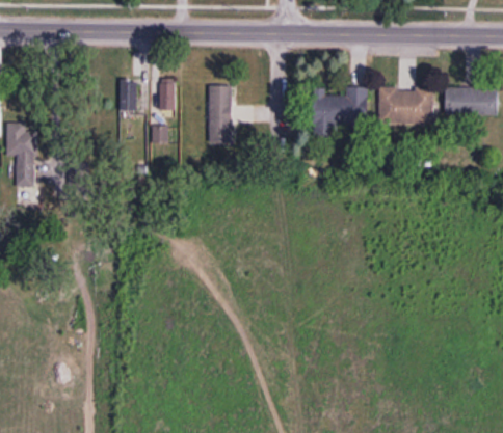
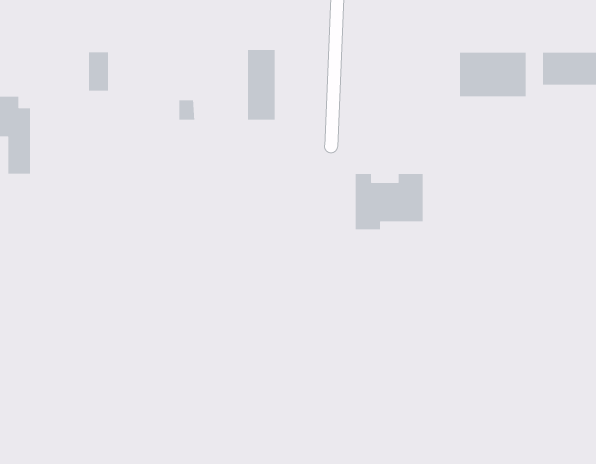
building: [120,79,136,111] -> [88,51,109,91]
building: [159,79,174,110] -> none
building: [312,87,367,133] -> [355,173,424,230]

